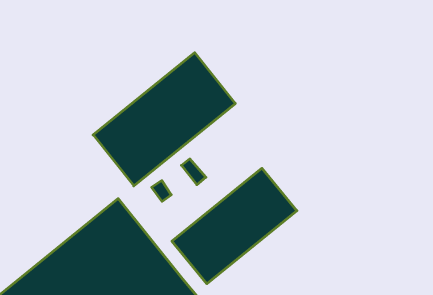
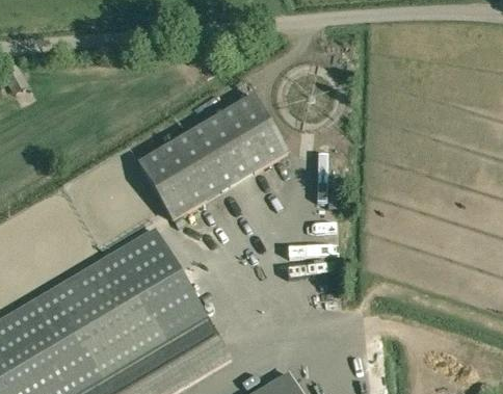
building: [172,168,297,284] -> none

